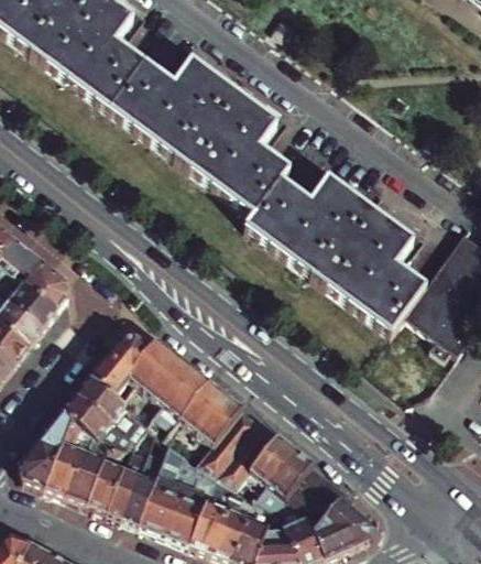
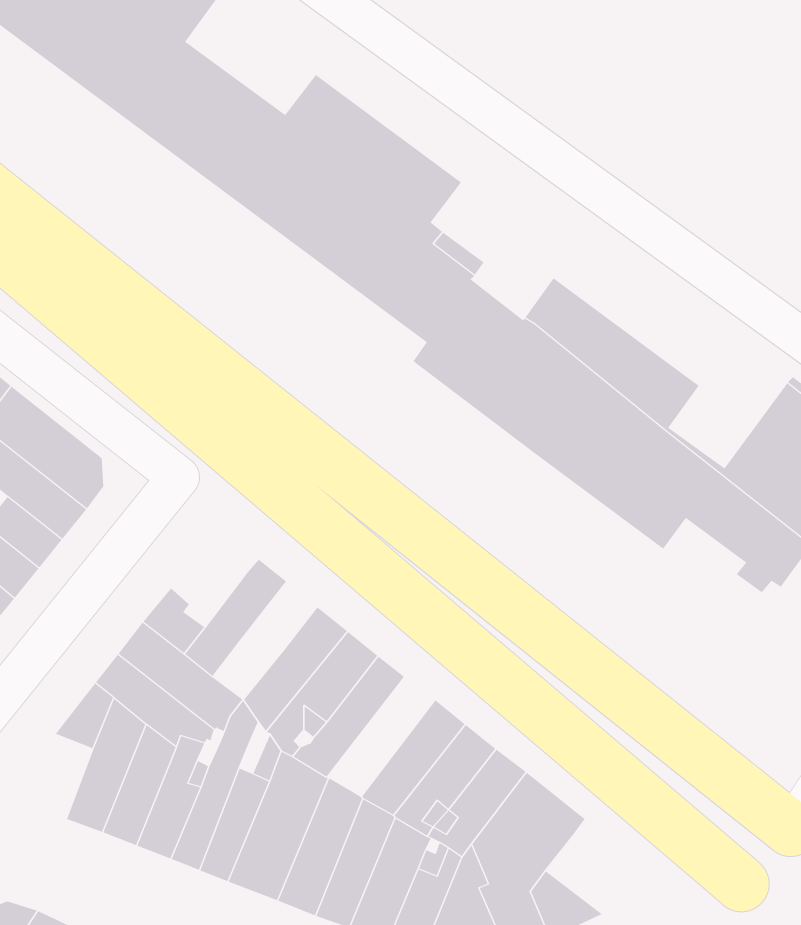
building: [107,334,151,377] -> none
building: [131,350,192,419] -> none
building: [197,405,260,475] -> none
building: [21,438,62,488] -> none
building: [324,497,371,543] -> none

